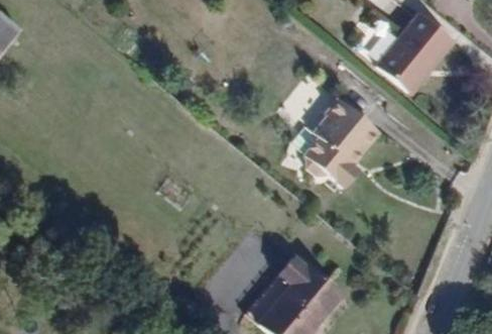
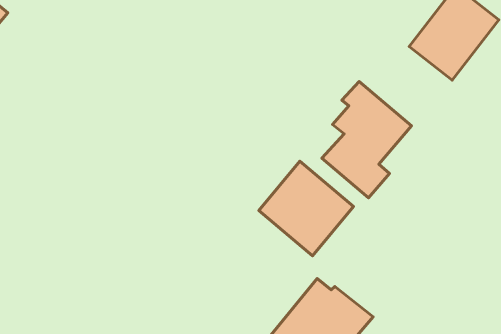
building: none -> [259,161,353,256]

